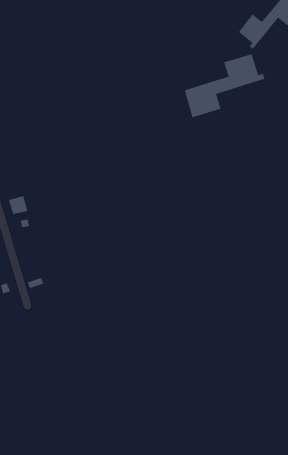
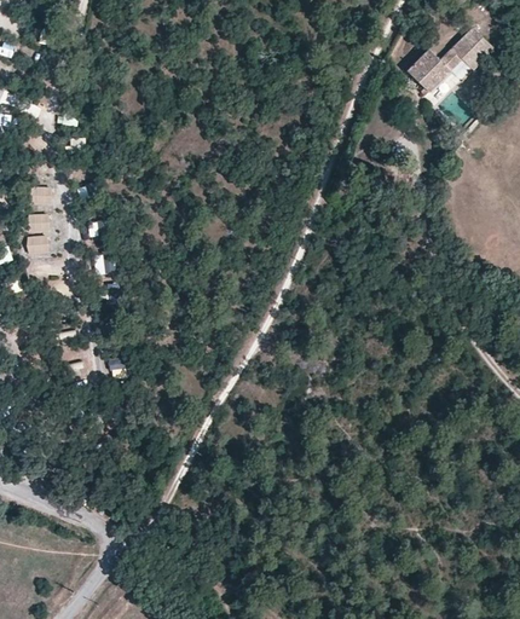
building: [184,54,265,118] -> none

